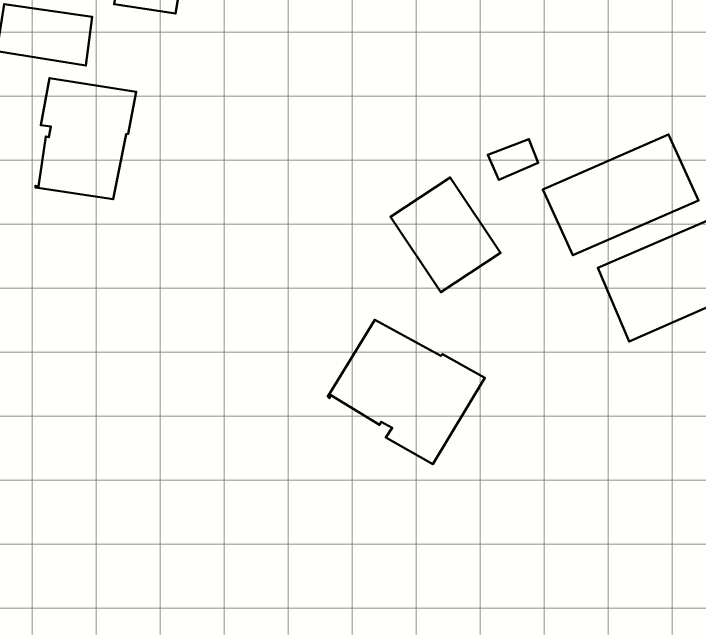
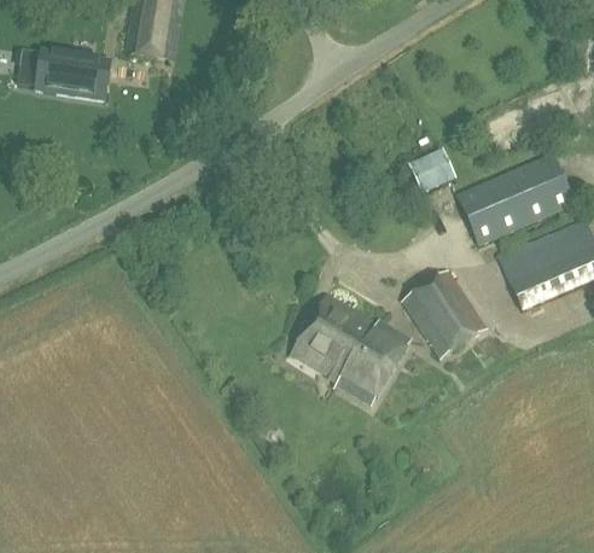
building: [35,78,136,199] -> none
building: [391,178,501,292] -> [402,269,487,357]

